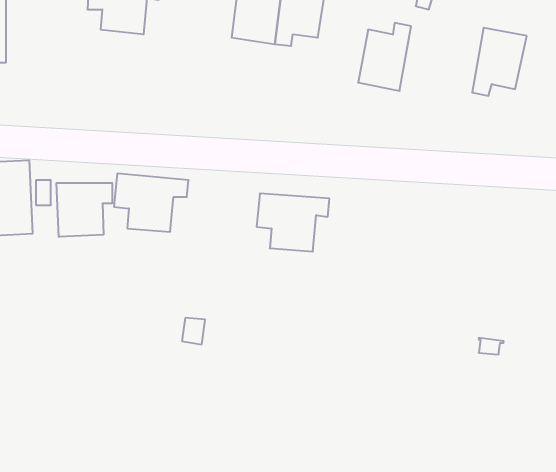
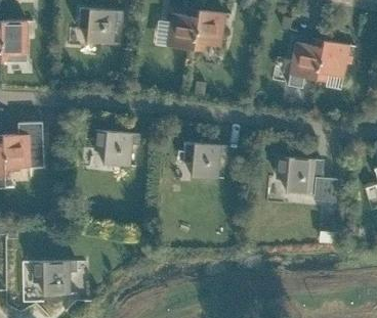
building: [358,23,411,91] -> [291,38,324,80]
building: [56,183,112,237] -> none
building: none -> [278,156,337,200]
building: none -> [34,261,78,294]

